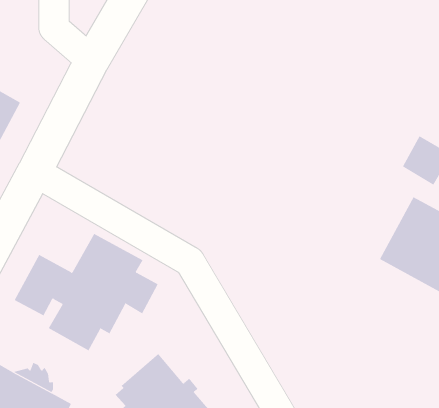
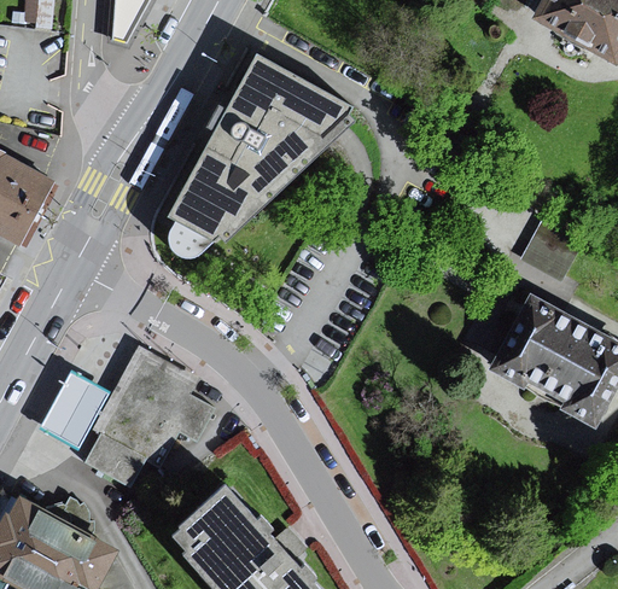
building: none -> [173,64,361,262]

